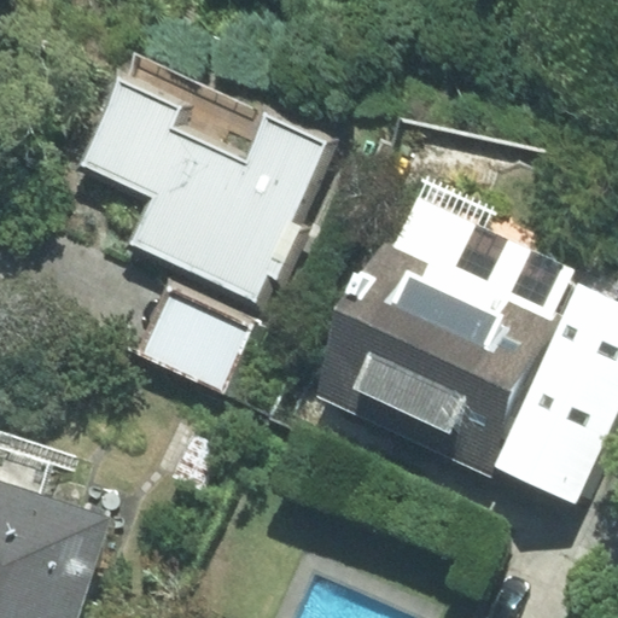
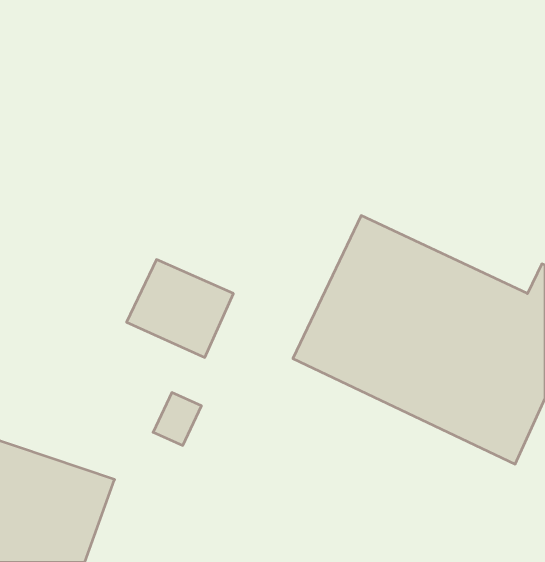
building: [84,72,332,301] -> none

